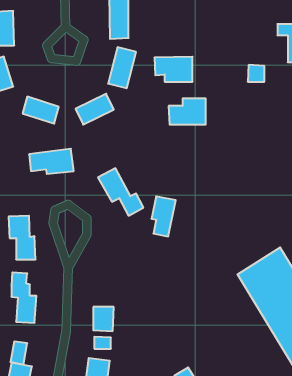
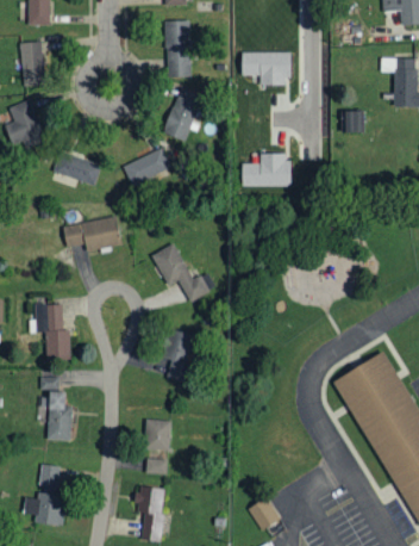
building: [154,57,193,82] -> [240,52,289,85]
building: [151,196,176,236] -> [163,330,194,381]

